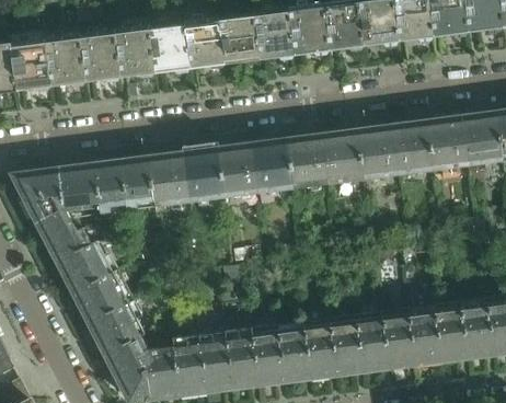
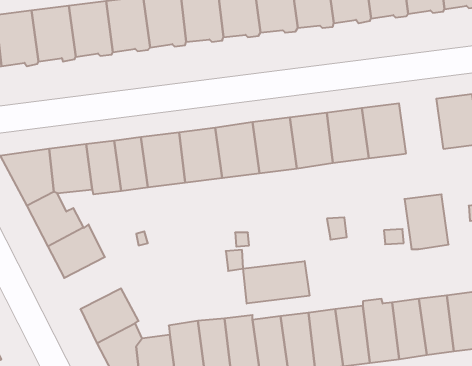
building: [387,122,428,173] -> [404,194,449,249]
building: [71,270,125,320] -> none
building: none -> [243,261,309,304]

